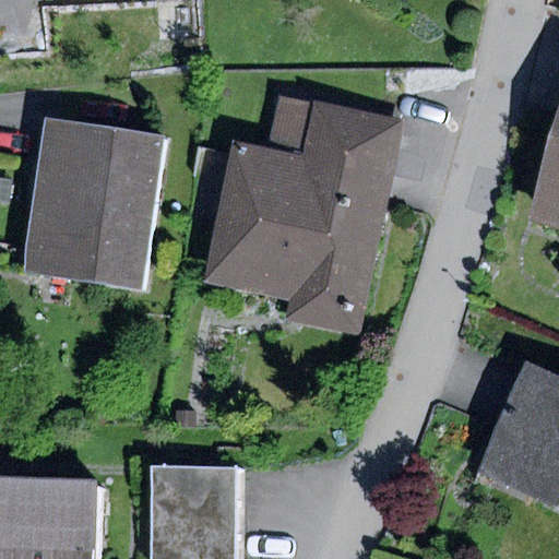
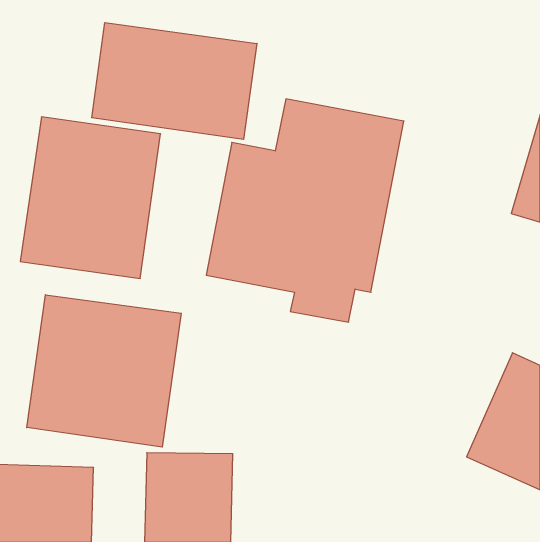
building: none -> [92,23,257,139]
building: none -> [27,295,181,447]

